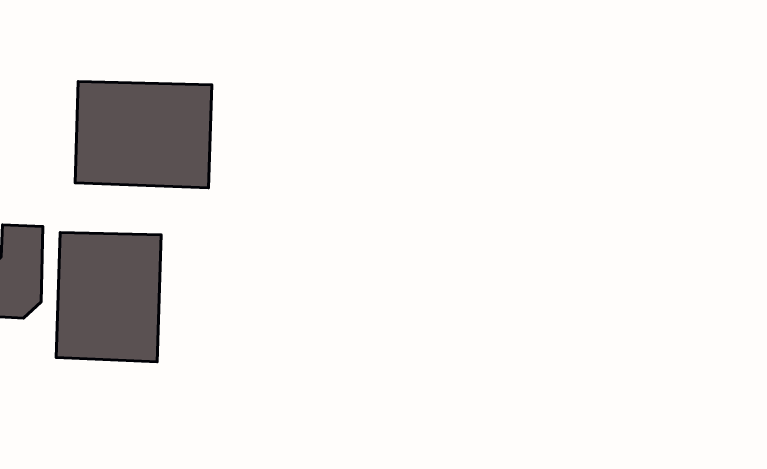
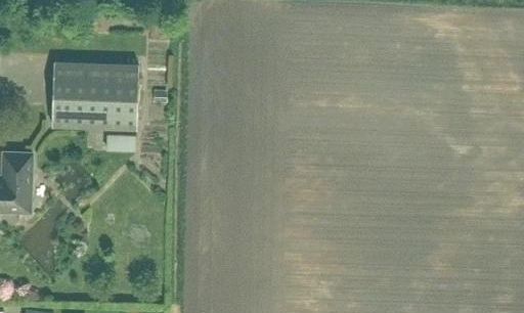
building: [56,233,161,362] -> none

